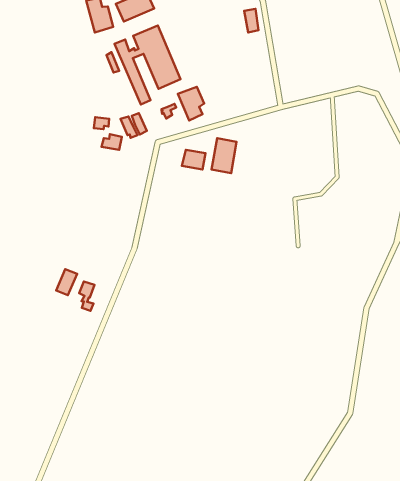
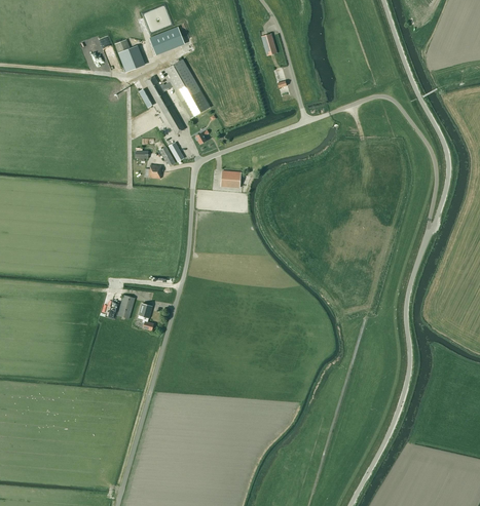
building: [178,87,204,120] -> none
building: [212,138,237,173] -> none

